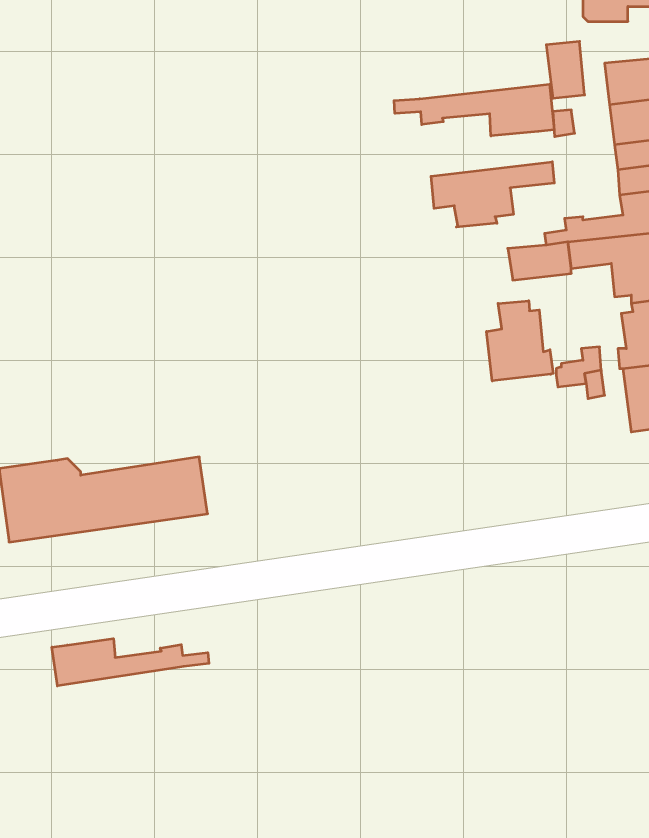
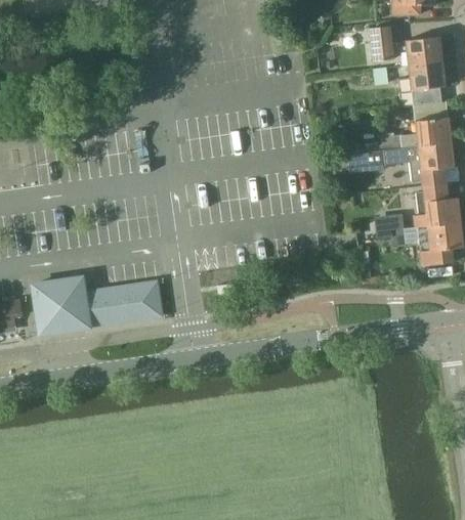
building: [394,84,554,136] -> none
building: [431,162,554,227] -> none
building: [487,301,553,381] -> none
building: [52,639,209,686] -> none

